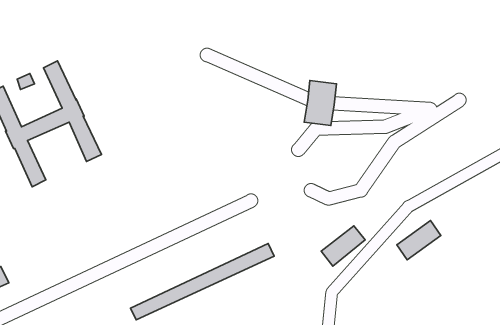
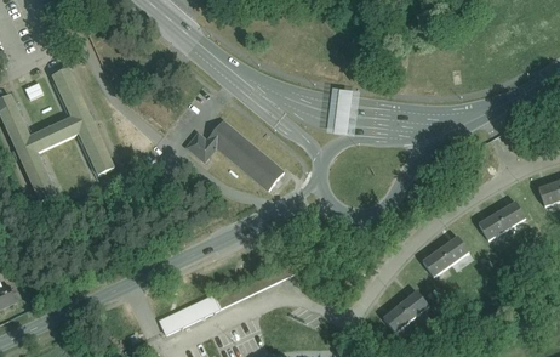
building: none -> [187,119,282,189]
building: none -> [478,202,525,239]
building: [321,226,365,266] -> [382,290,428,333]

